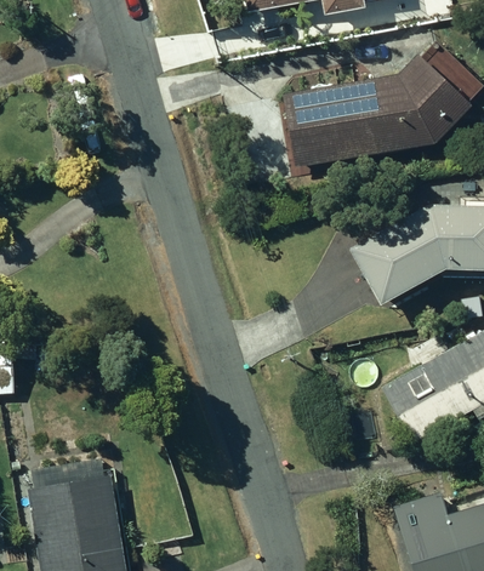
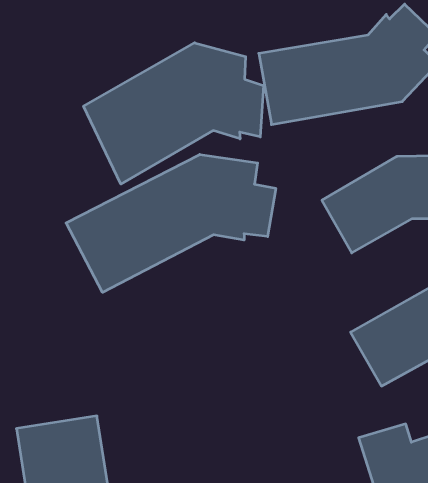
building: none -> [84,43,264,184]
building: none -> [66,154,276,292]

